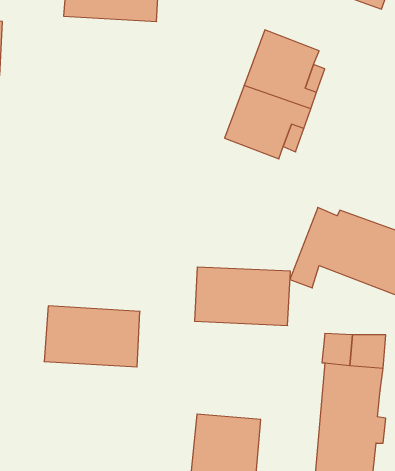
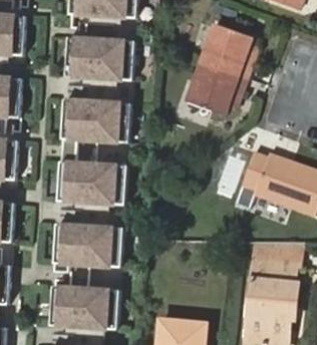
building: none -> [64,36,133,79]
building: none -> [60,98,129,141]
building: [195,267,290,325] -> [57,161,126,204]
building: none -> [50,285,119,328]

